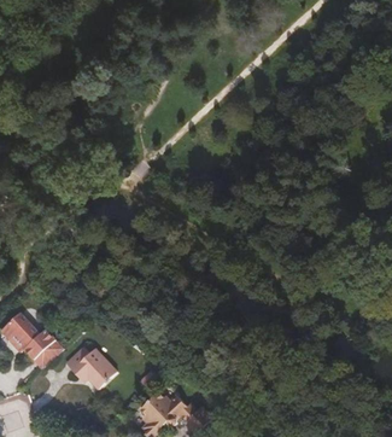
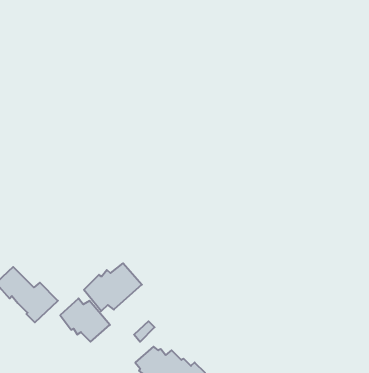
building: none -> [84,263,142,311]

